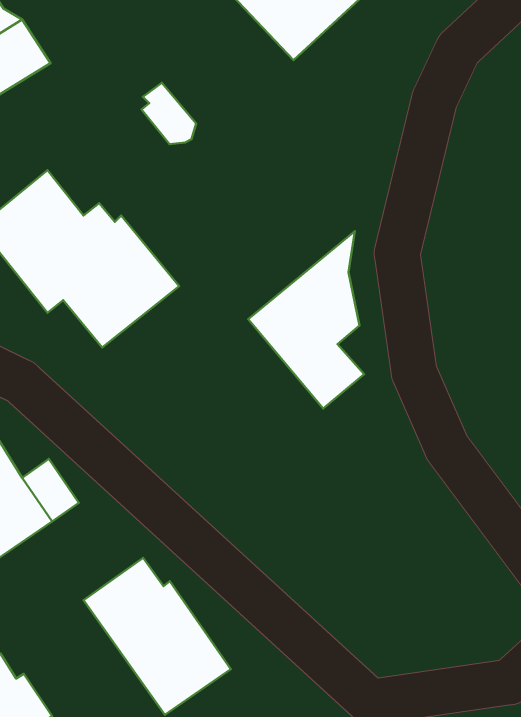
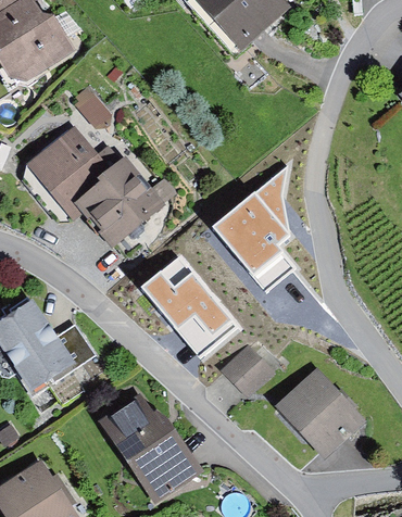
building: [141,83,196,144] -> [75,86,113,128]
building: none -> [141,255,241,358]
building: none -> [219,344,274,399]
building: none -> [276,366,366,457]

